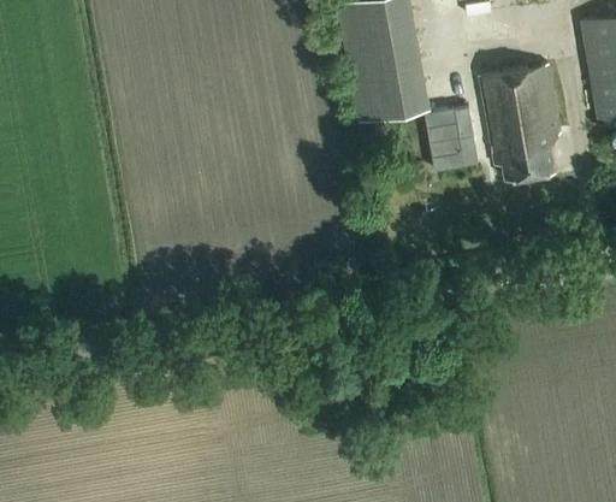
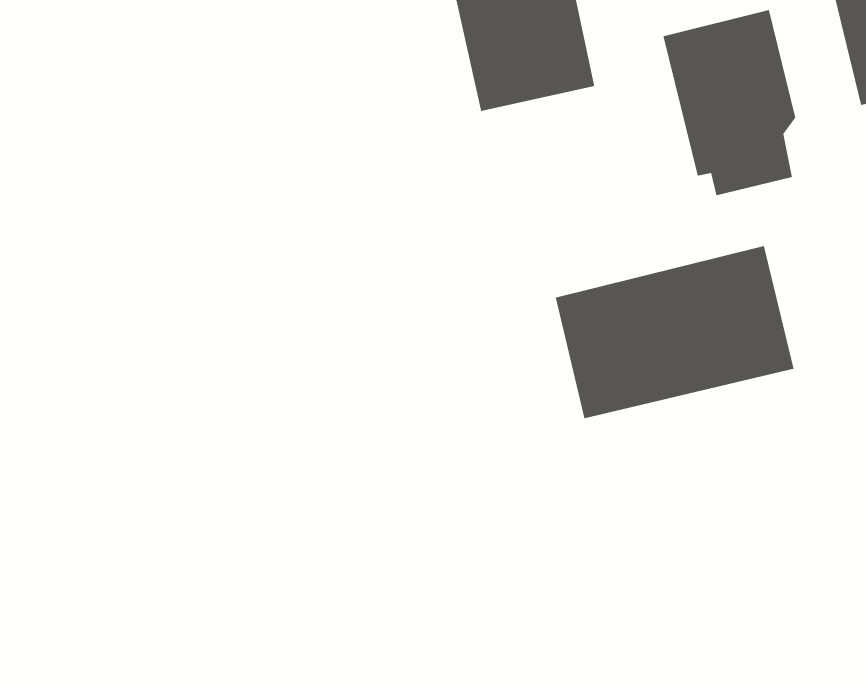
building: [425,108,479,173] -> none
building: none -> [555,245,794,419]

